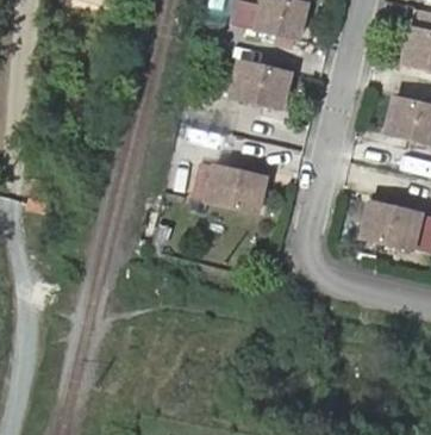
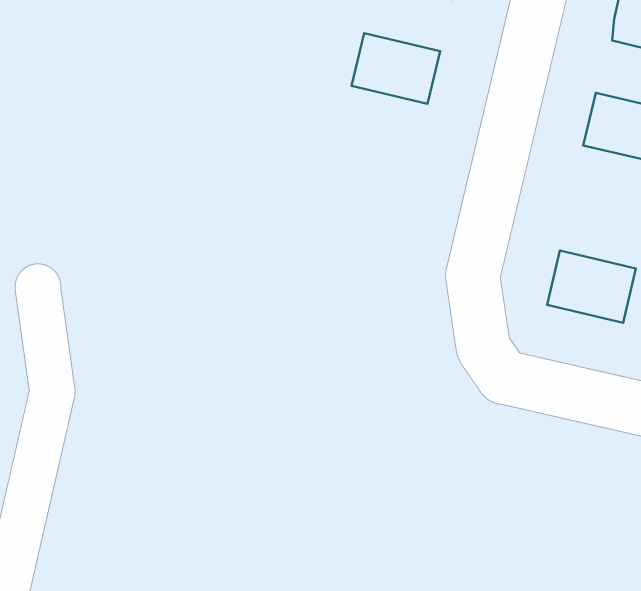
building: [207,163,267,211] -> none

